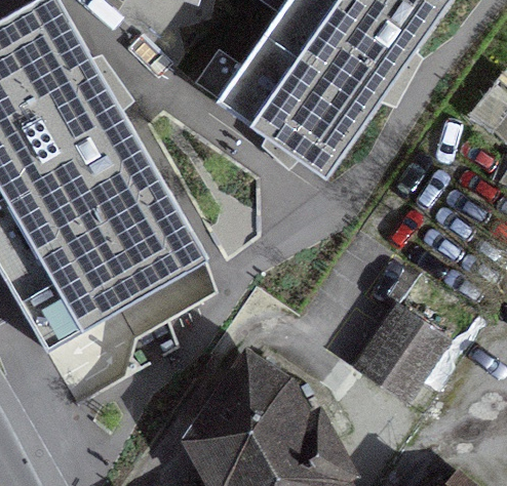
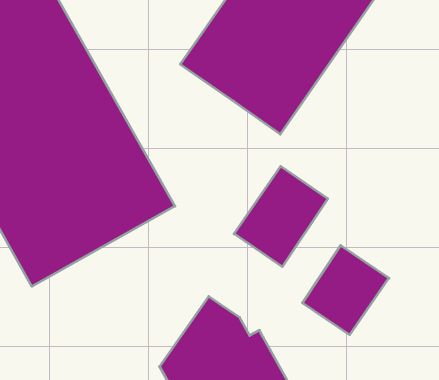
building: none -> [234,166,328,267]

